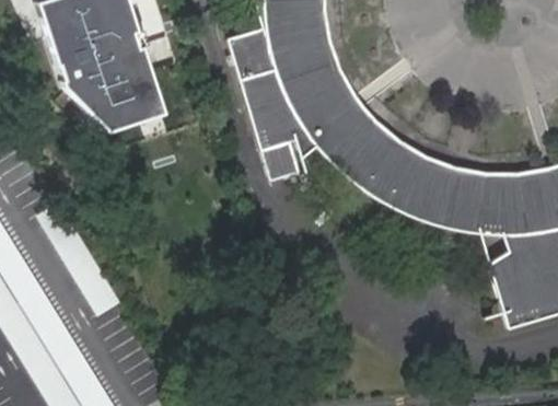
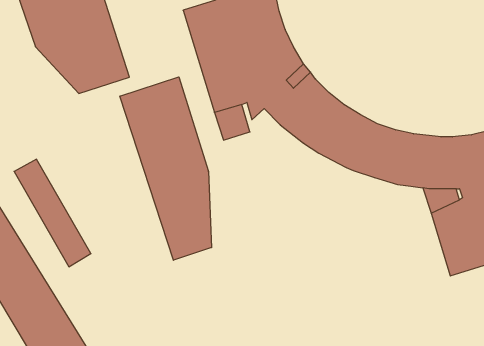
building: none -> [120,77,212,260]

